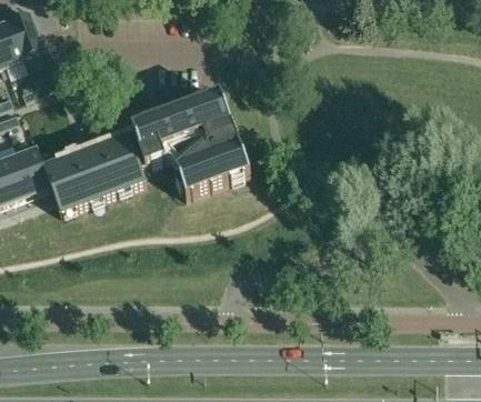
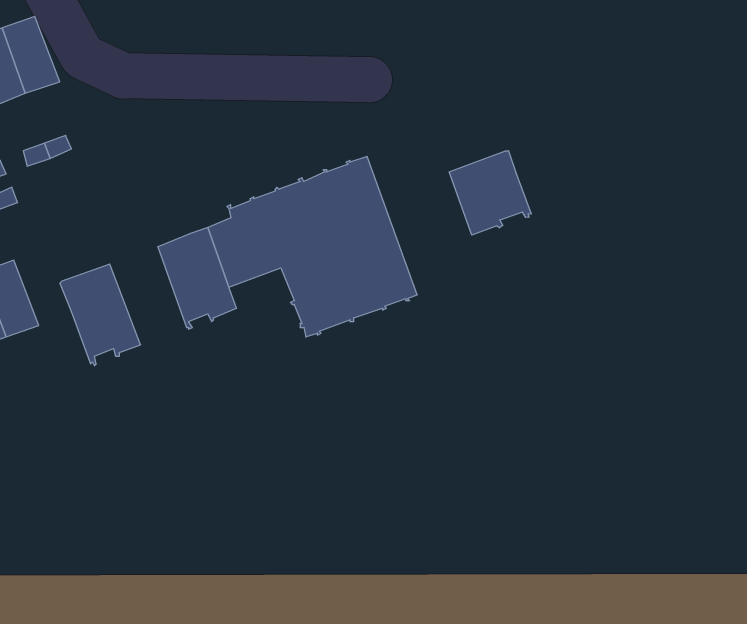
building: none -> [449,151,531,235]
building: [12,149,46,194] -> none
building: [68,149,112,207] -> none

